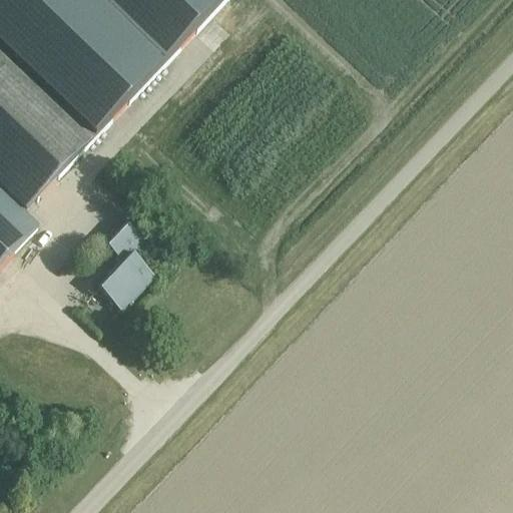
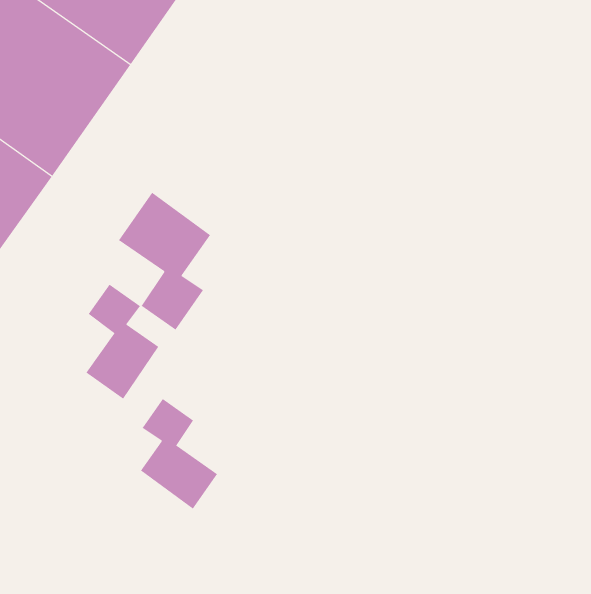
building: none -> [118,192,211,330]
building: none -> [140,398,218,509]

